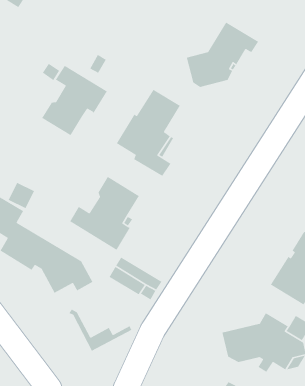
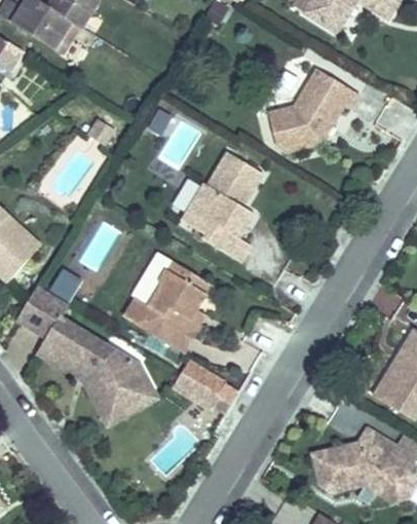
building: [41,65,108,136] -> none
building: [68,309,132,352] -> [78,370,157,423]

